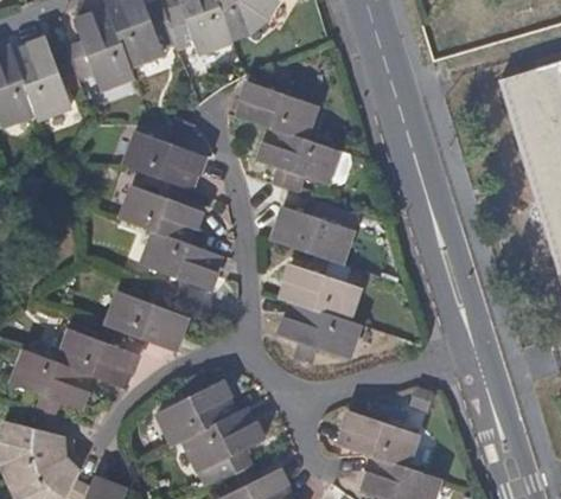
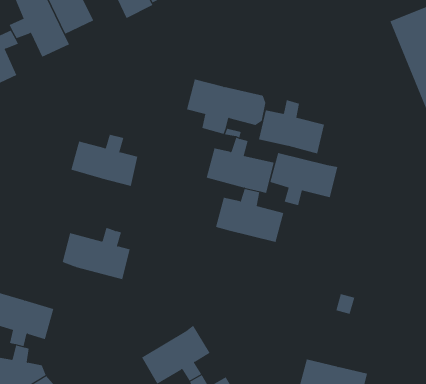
building: [238,75,315,140] -> [258,100,325,154]
building: [125,126,204,190] -> none
building: [144,232,223,299] -> none
building: [281,303,361,366] -> [270,152,338,206]
building: [57,324,136,388] -> none
building: [158,376,237,446] -> none
building: [339,404,417,469] -> none

